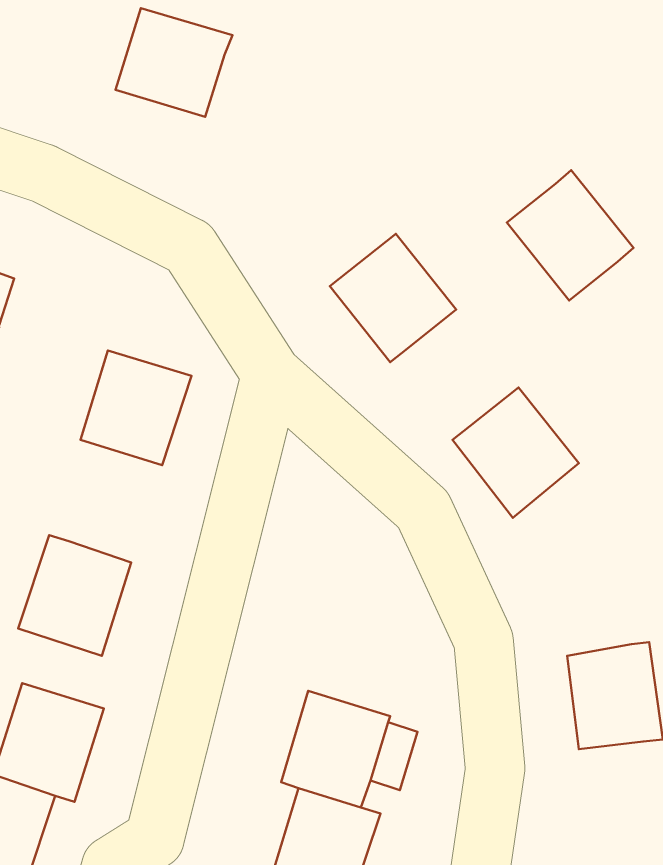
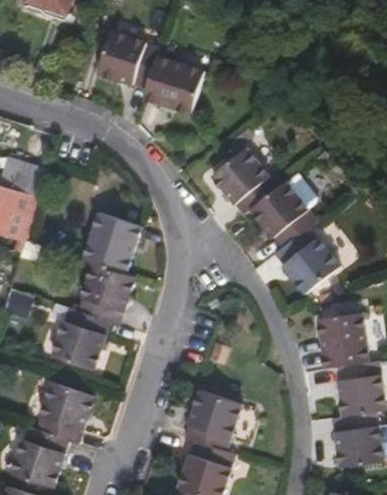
building: none -> [143,56,206,114]
building: [507,170,634,300] -> [250,181,316,248]
building: none -> [75,258,134,321]
building: none -> [317,311,366,367]
building: none -> [329,411,378,467]

